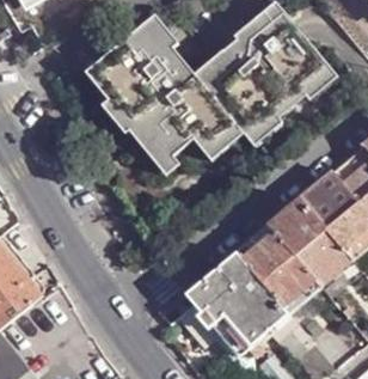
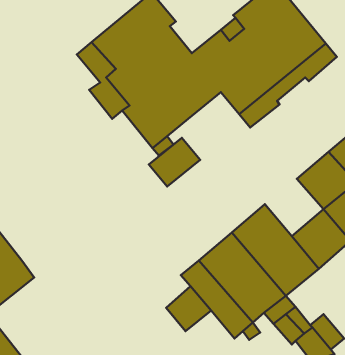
building: [192,112,243,160] -> [149,138,200,186]
building: [268,197,325,253] -> none

